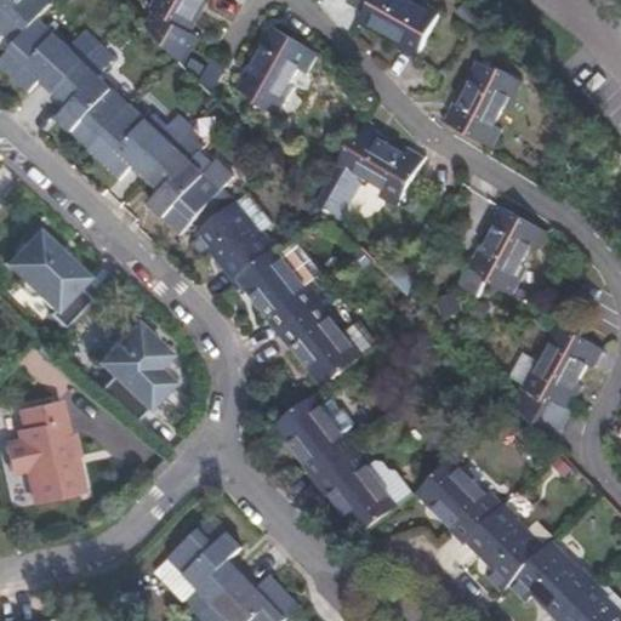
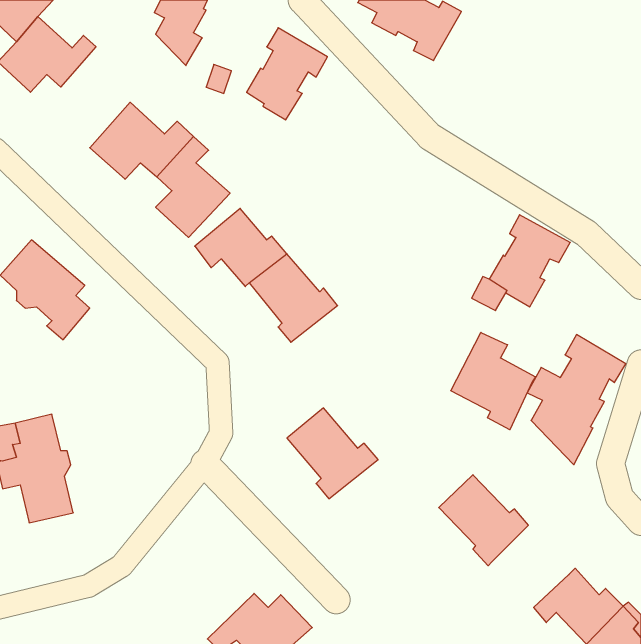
building: [55,46,125,143] -> none
building: [441,65,522,150] -> none
building: [314,131,422,224] -> none
building: [279,295,363,380] -> none
building: none -> [451,332,536,430]
building: [93,321,165,421] -> none
building: [315,443,401,530] -> none
building: [472,506,546,592] -> none
building: [169,514,244,615] -> none

